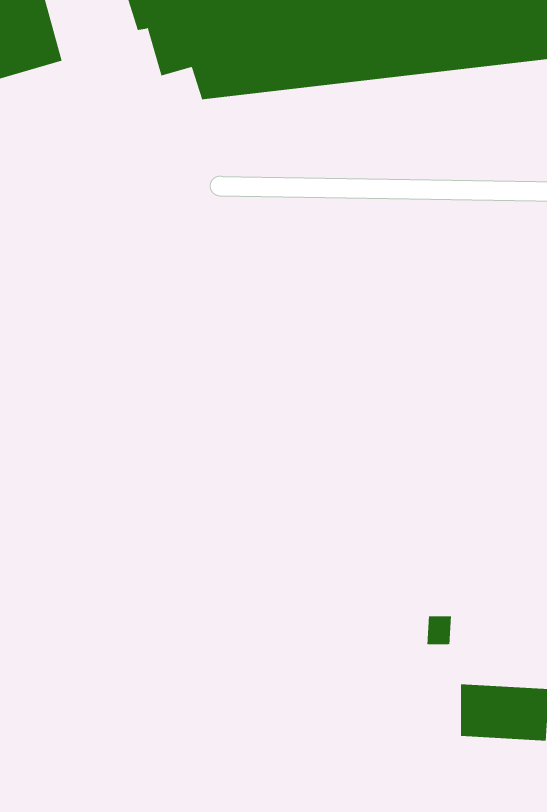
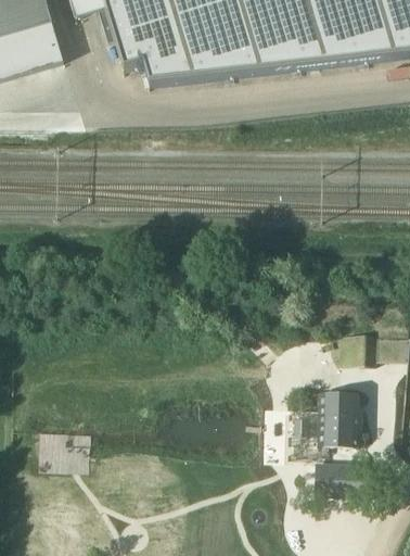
building: none -> [320,387,362,441]

